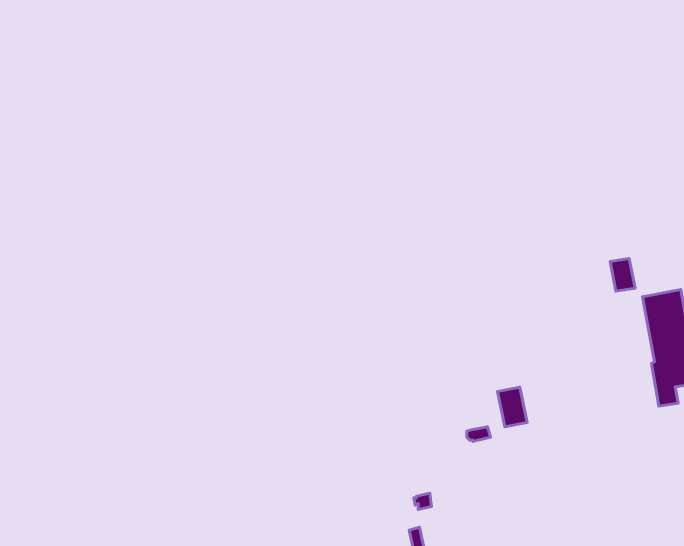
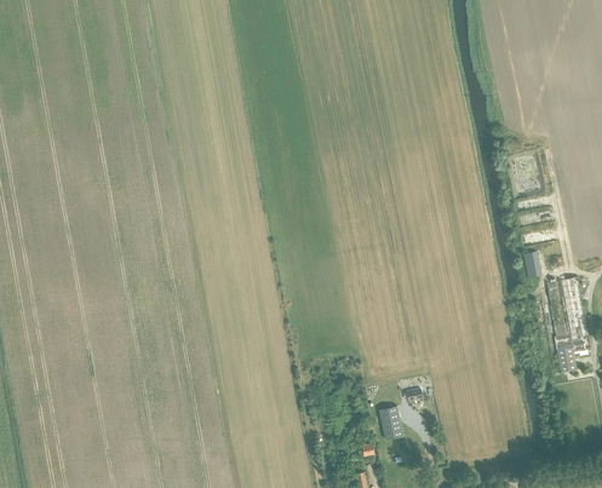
building: [498,387,527,427] -> [380,408,405,441]

